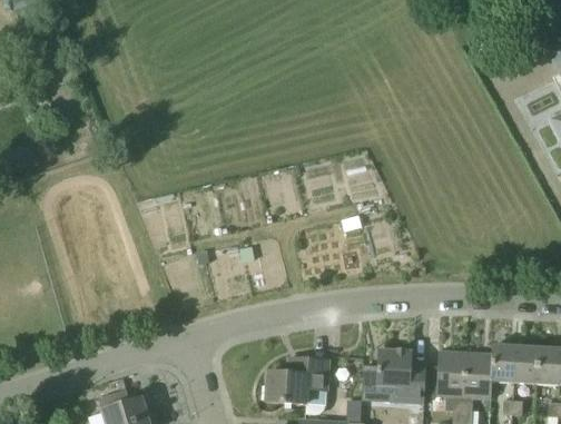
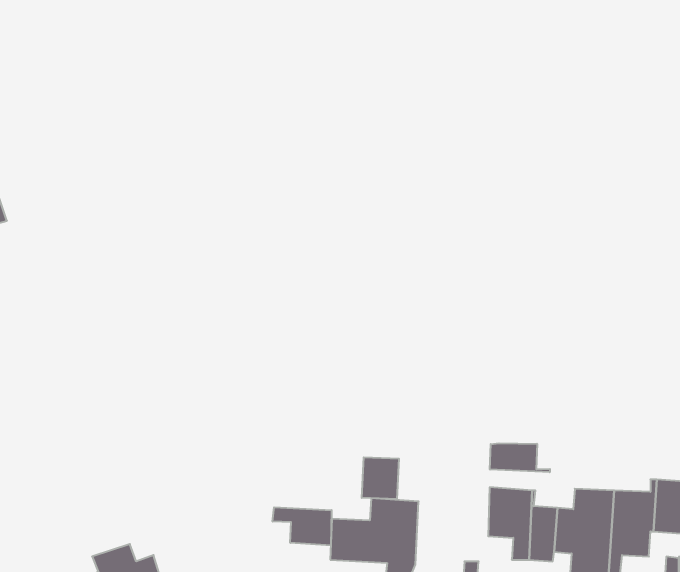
building: none -> [490,443,550,472]
building: none -> [362,457,399,499]
building: none -> [273,507,332,546]

